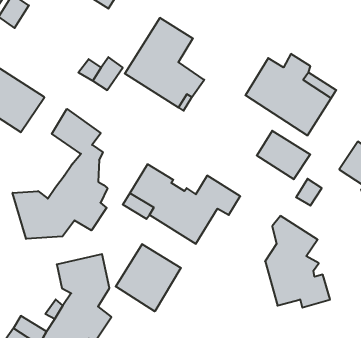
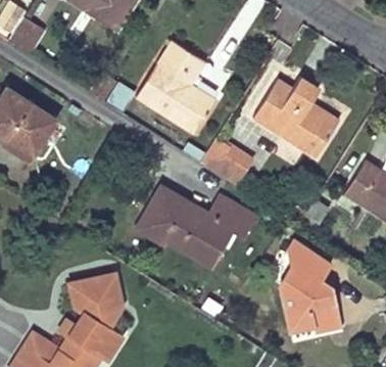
building: [13,109,107,239] -> none
building: [257,131,310,179] -> [200,139,253,187]
building: [116,244,181,311] -> none

